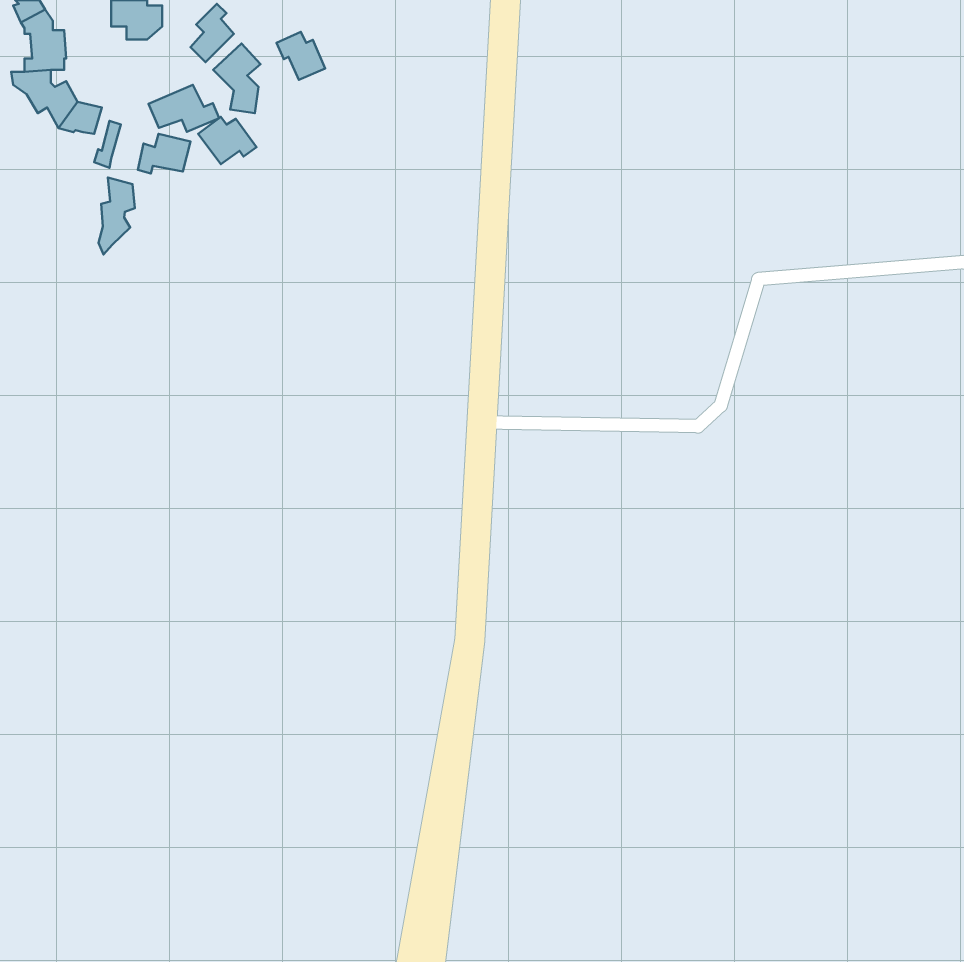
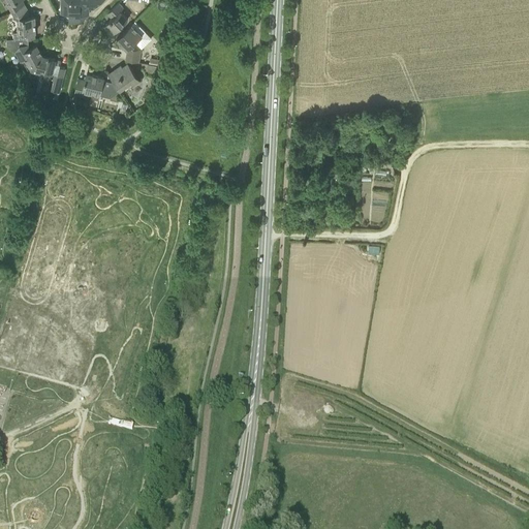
building: [276,32,325,80] -> none
building: [149,85,219,132] -> none
building: [98,178,135,254] -> none

